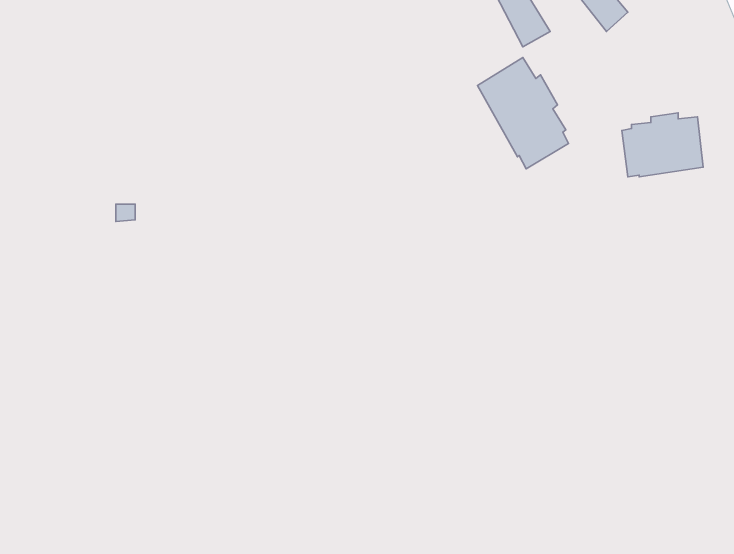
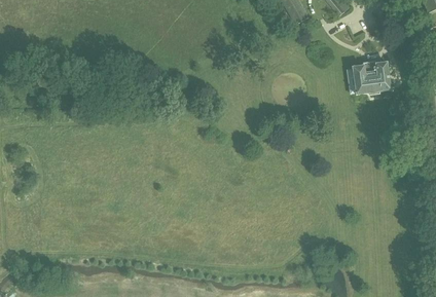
building: [477,58,568,169] -> none

